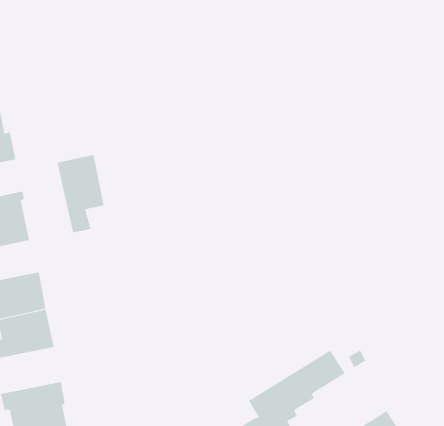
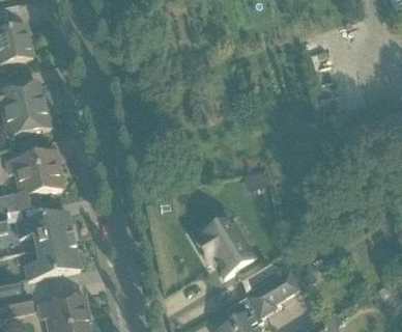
building: [57,154,104,233] -> none
building: none -> [193,218,275,289]

